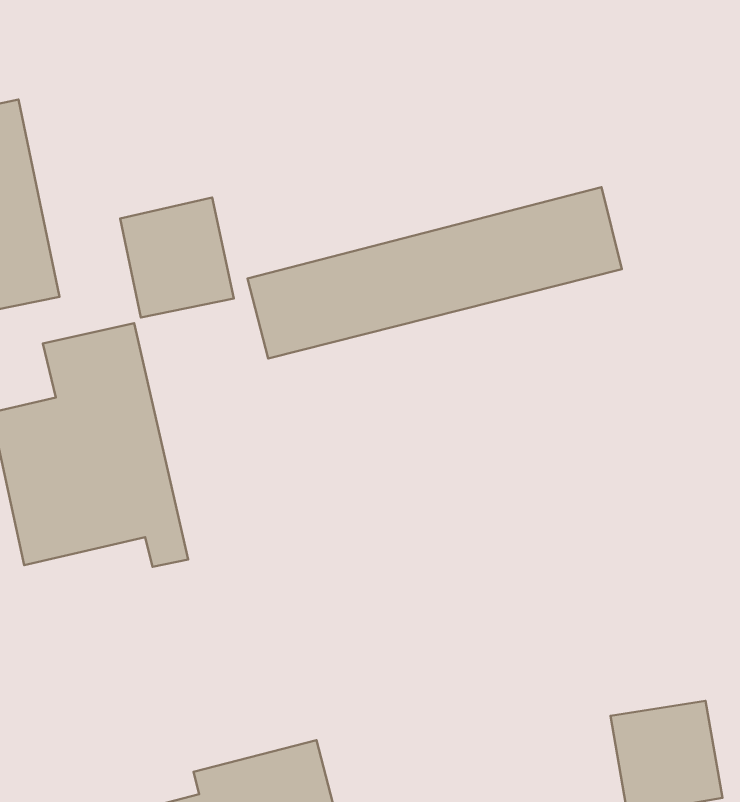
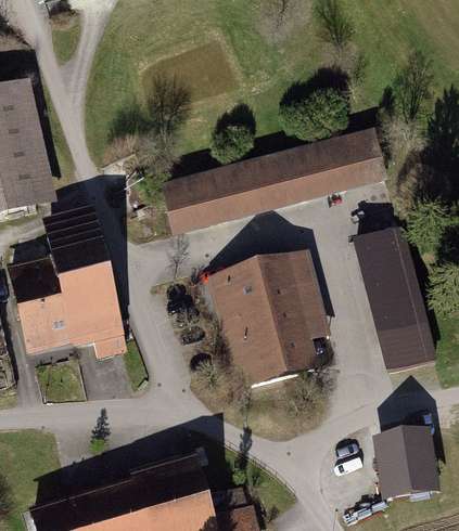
building: [120,198,234,318] -> none
building: none -> [354,213,434,358]
building: none -> [206,252,329,383]

